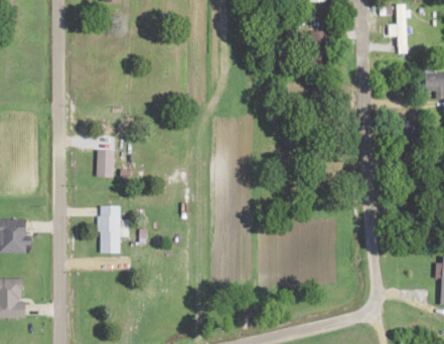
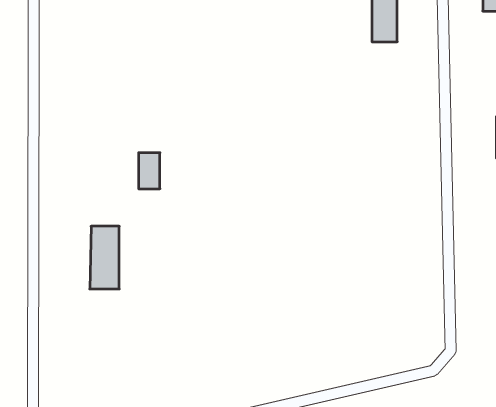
building: [98,150,114,177] -> [139,153,160,189]

